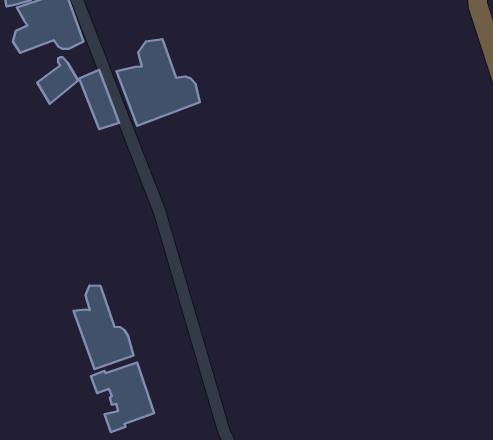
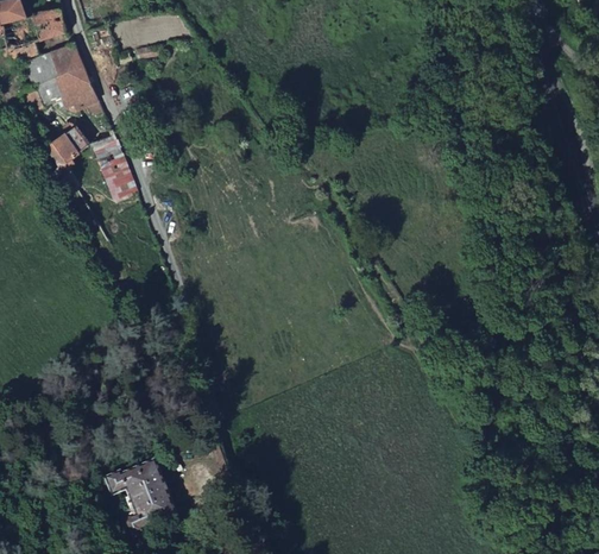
building: [117,39,200,126] -> none
building: [73,286,133,369] -> none

